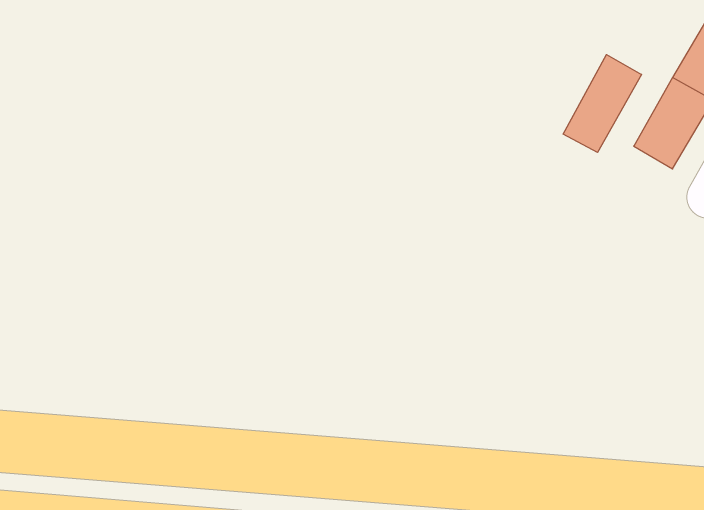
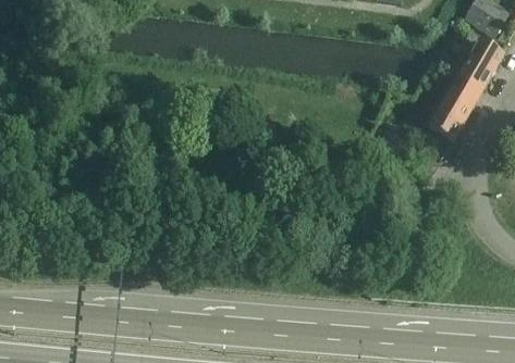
building: [563,55,642,152] -> none

